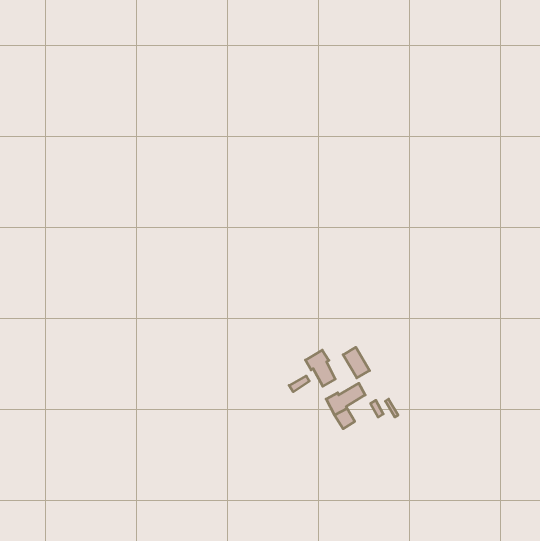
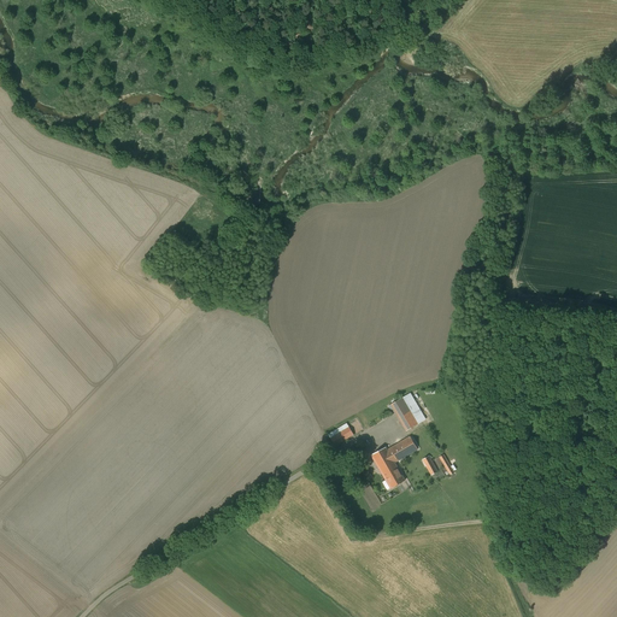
building: [305,350,335,386] -> none

